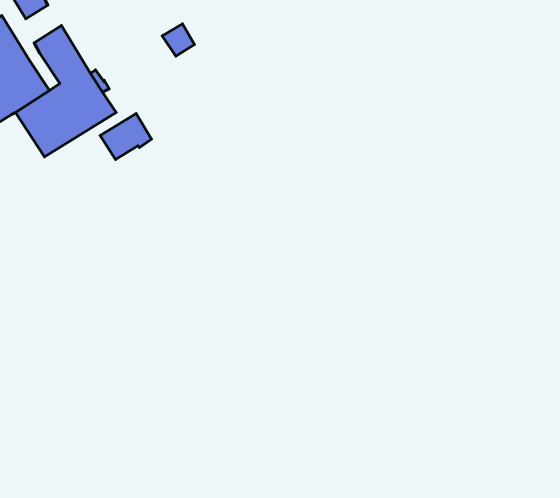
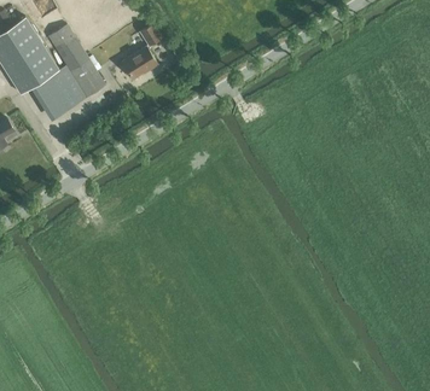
building: [100,113,151,159] -> [121,46,157,78]

